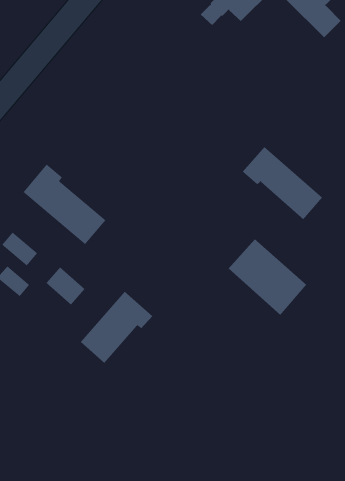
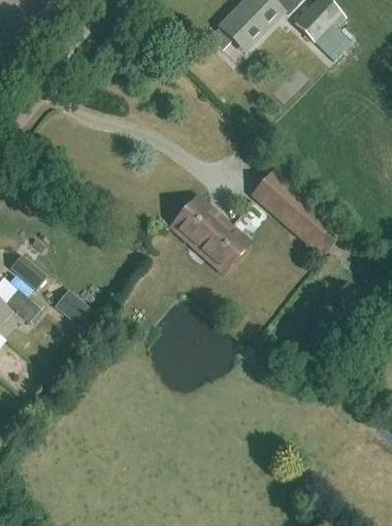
building: [22,163,107,245] -> none
building: [228,239,307,316] -> [169,196,249,273]
building: [80,291,153,364] -> none

